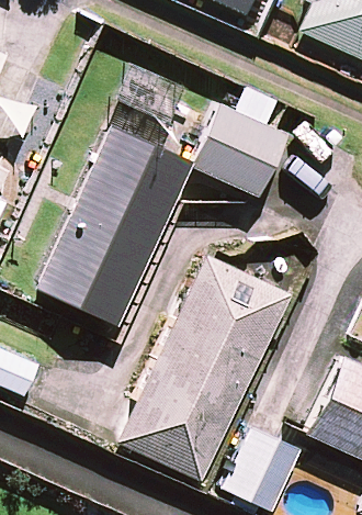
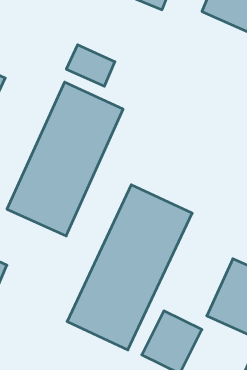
building: [190,107,284,199] -> none

